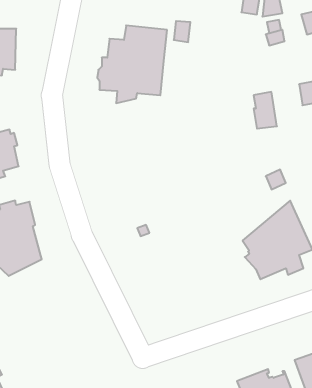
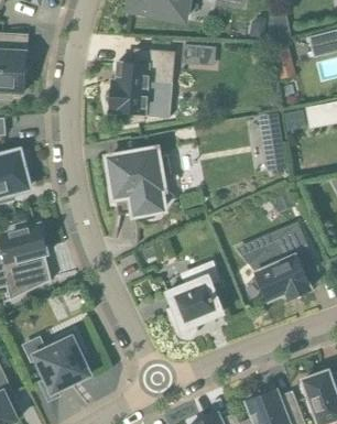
building: none -> [107,149,171,218]
building: none -> [166,262,220,336]
building: none -> [33,330,87,400]

